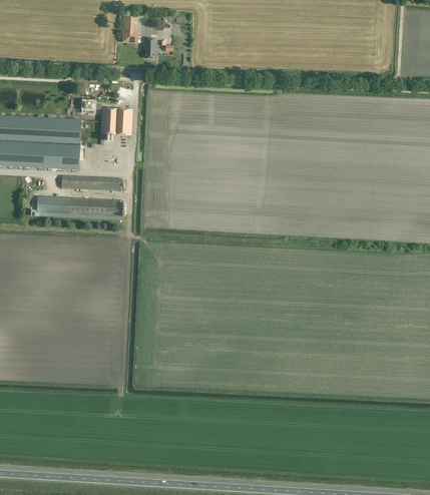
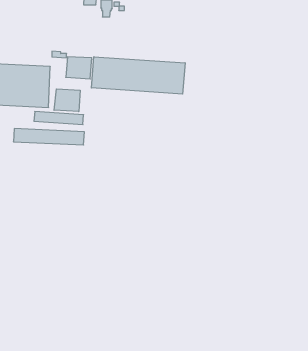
building: none -> [91,57,185,94]
building: none -> [54,89,80,112]

